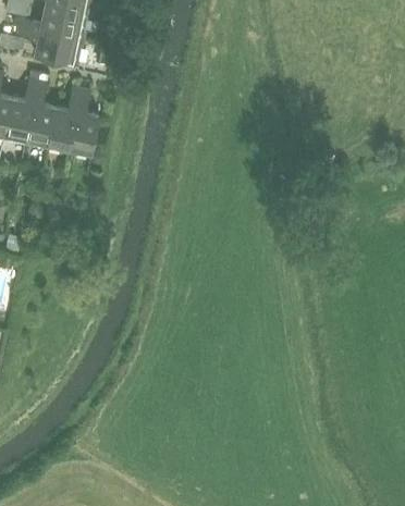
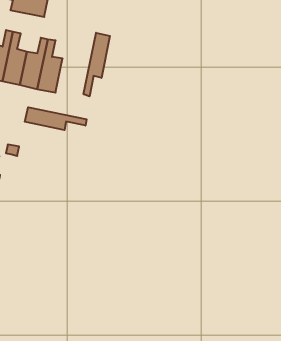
building: none -> [84,33,110,96]
building: none -> [25,107,87,130]

